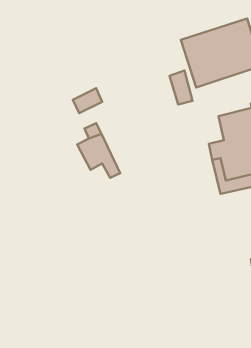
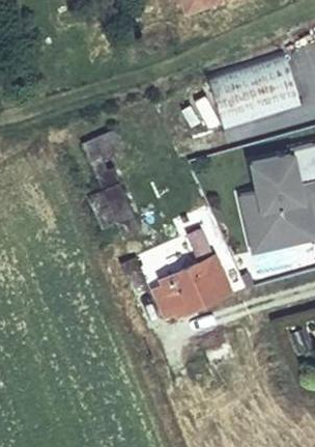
building: none -> [152,230,227,318]

